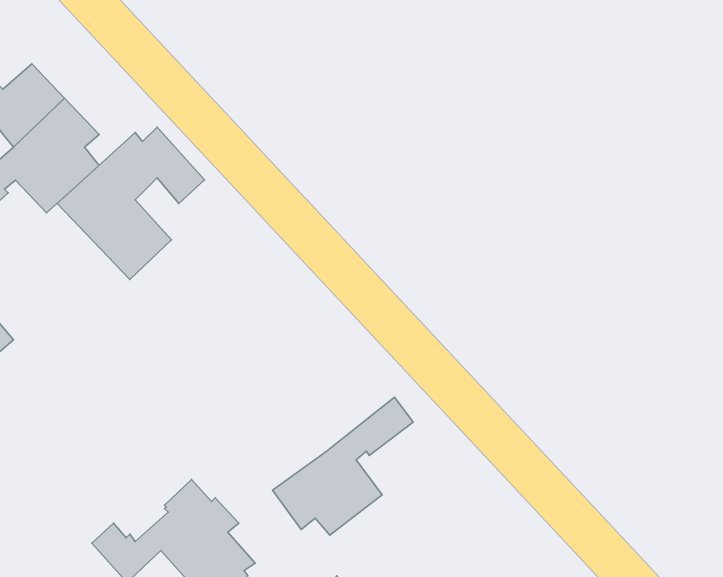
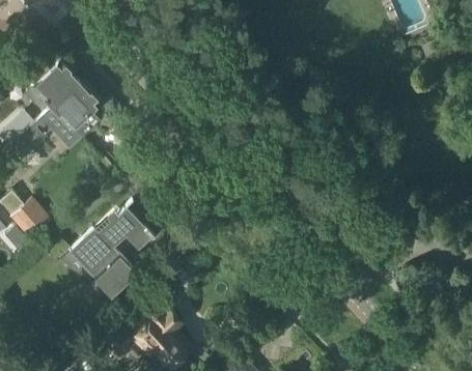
building: [57,127,204,280] -> [68,208,152,295]
building: [272,397,413,535] -> none

